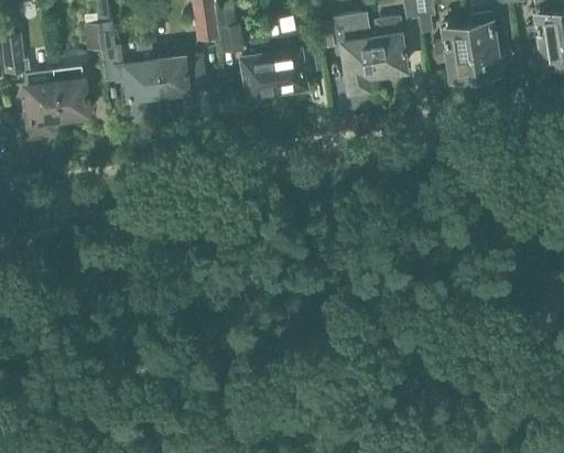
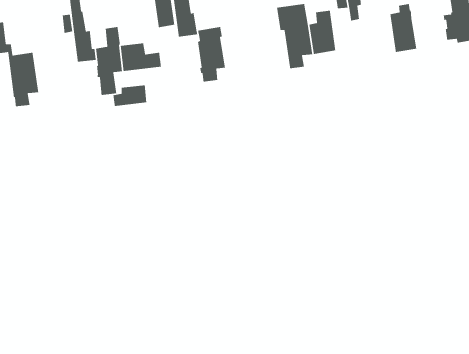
building: [269,22,305,90] -> none
building: [437,25,474,76] -> none
building: [55,68,88,119] -> none
building: none -> [113,84,147,107]

